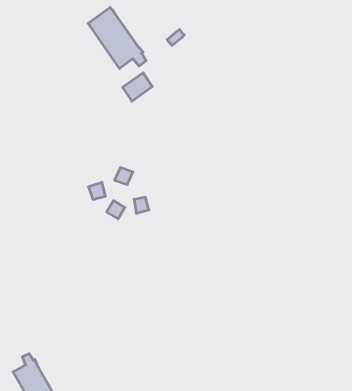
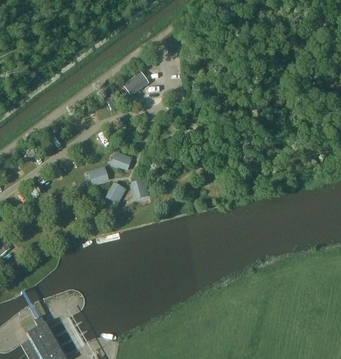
building: [88,7,146,69] -> none

